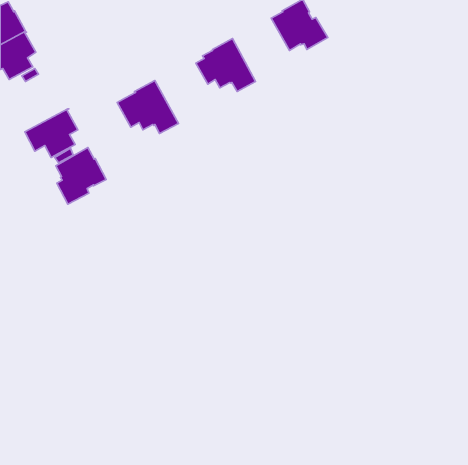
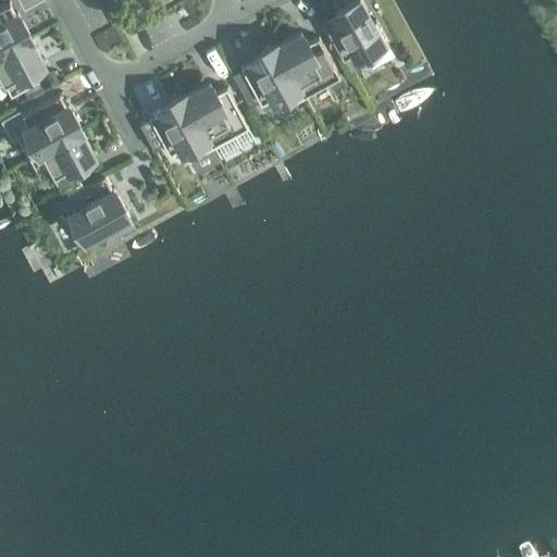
building: none -> [276,36,334,100]
building: none -> [184,86,256,162]
building: none -> [17,97,81,160]

